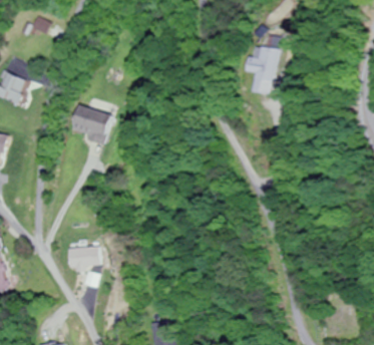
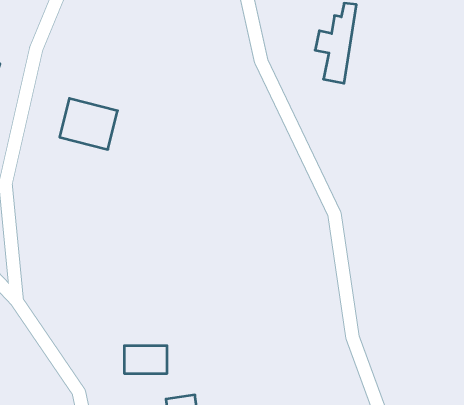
building: [69,247,100,267] -> [124,346,167,373]

